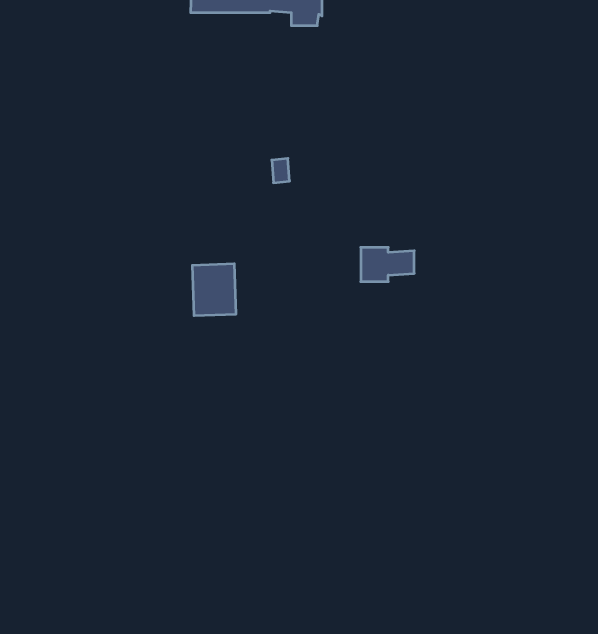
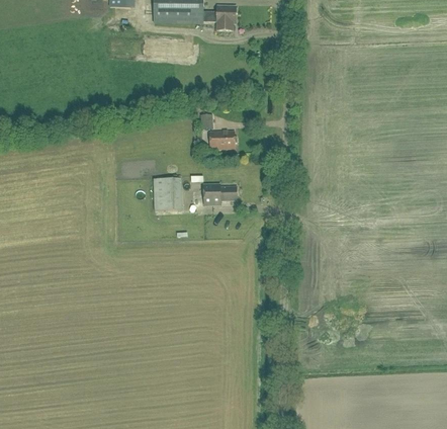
building: none -> [210,132,235,150]
building: [361,247,414,282] -> [203,184,237,205]

